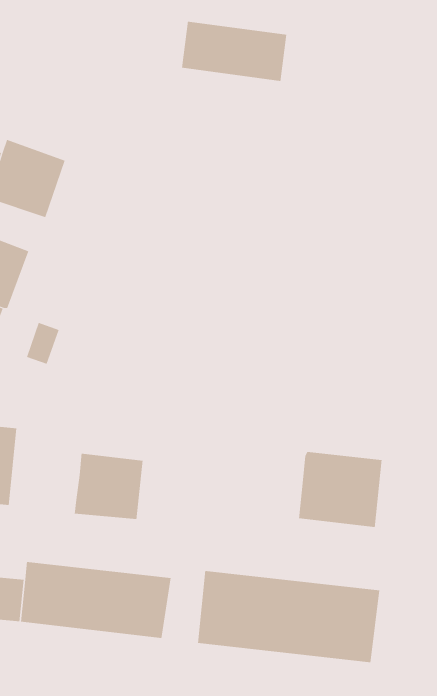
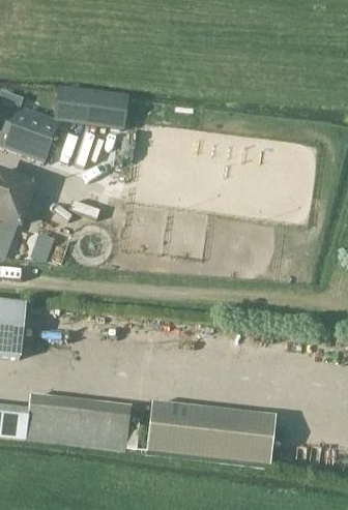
building: [181,21,287,82] -> [54,86,126,127]
building: [299,451,382,528] -> none
building: [74,453,143,520] -> none

